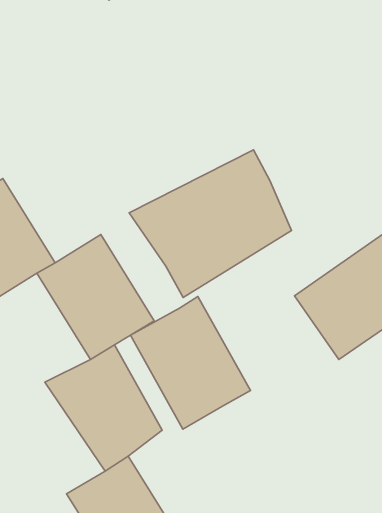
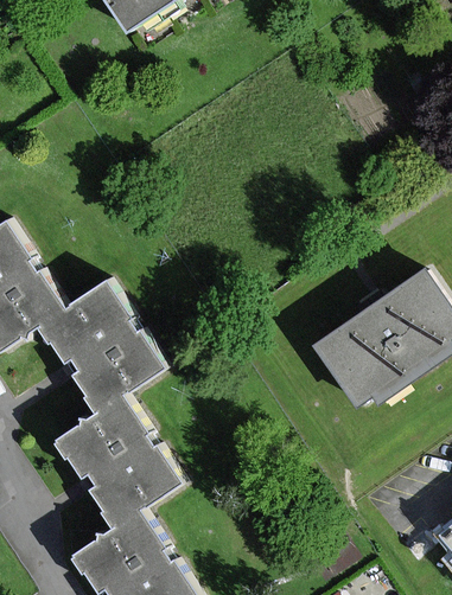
building: [129,150,291,297] -> none
building: [130,297,251,429] -> none

